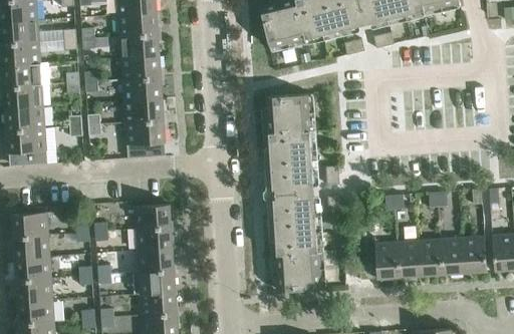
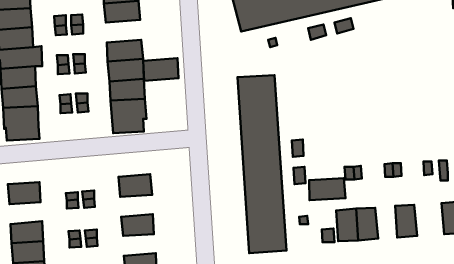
building: [120,33,160,58] -> [143,58,178,81]
building: none -> [309,178,345,200]
building: [137,227,173,251] -> none
building: [14,235,50,259] -> none
building: [462,236,487,272] -> none
building: [419,239,443,275] -> none
building: [140,270,176,294] -> none

